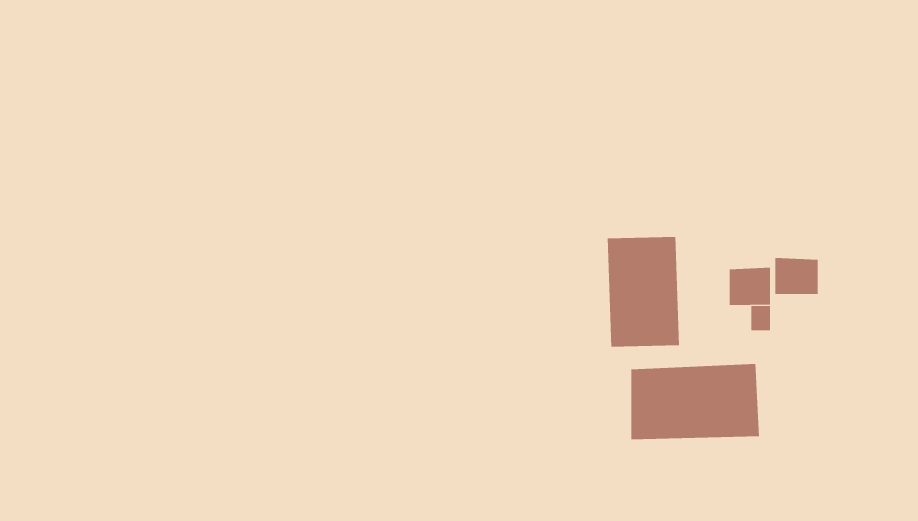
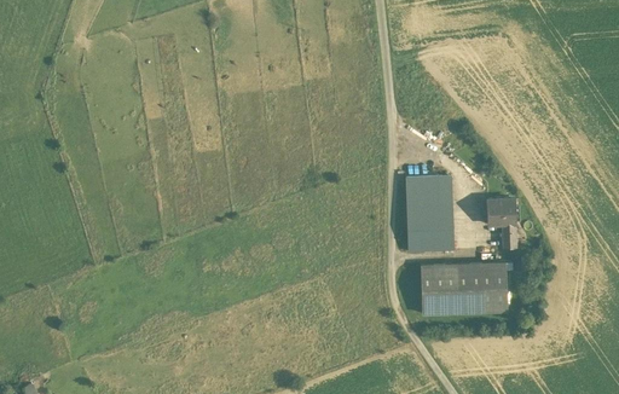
building: [775,257,818,295] -> none

